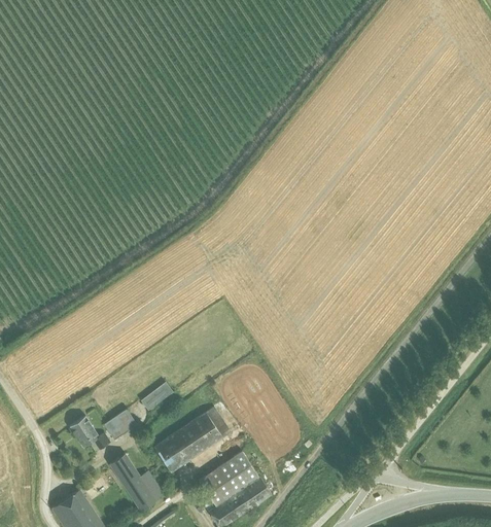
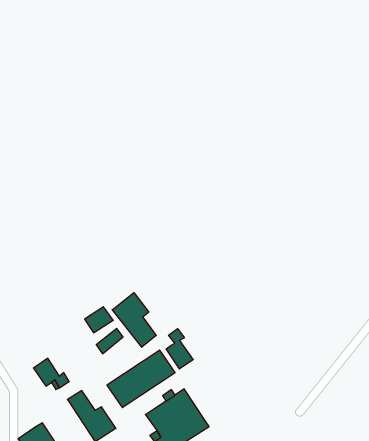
building: none -> [112,293,156,347]
building: none -> [166,329,193,369]
building: [104,410,137,440] -> [85,307,113,333]

